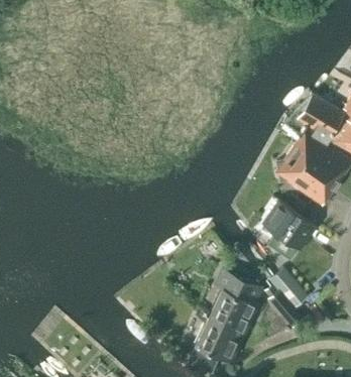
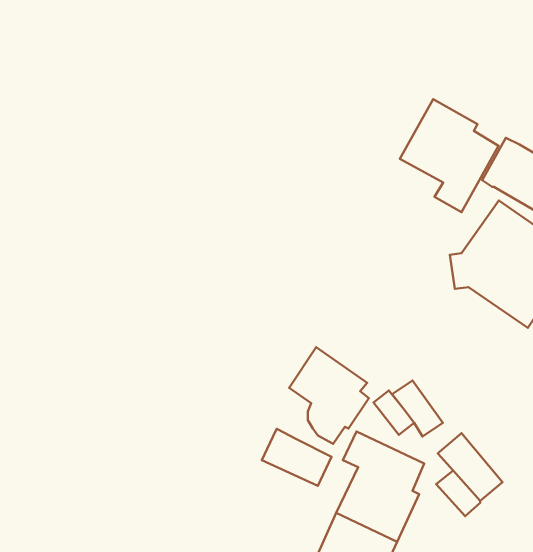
building: none -> [400,99,498,212]
building: [262,201,310,258] -> [289,347,369,444]
building: none -> [262,429,332,486]

